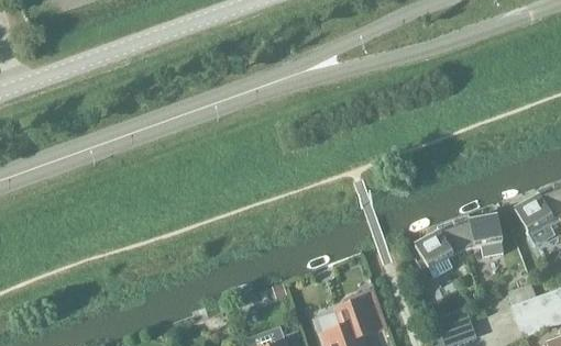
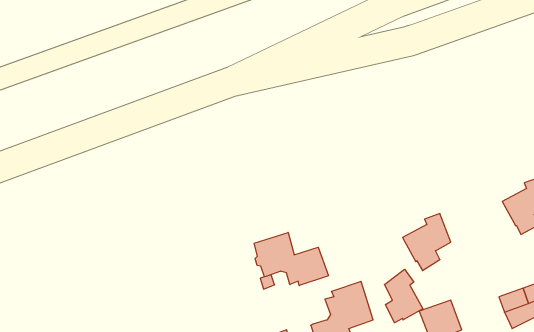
building: [452,215,503,257] -> none
building: none -> [254,232,328,286]
building: none -> [384,269,423,323]

